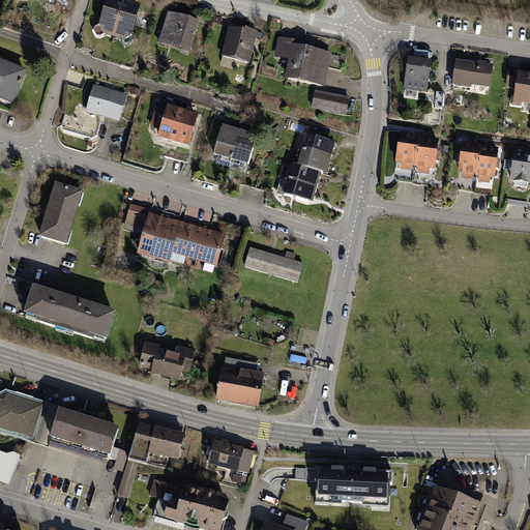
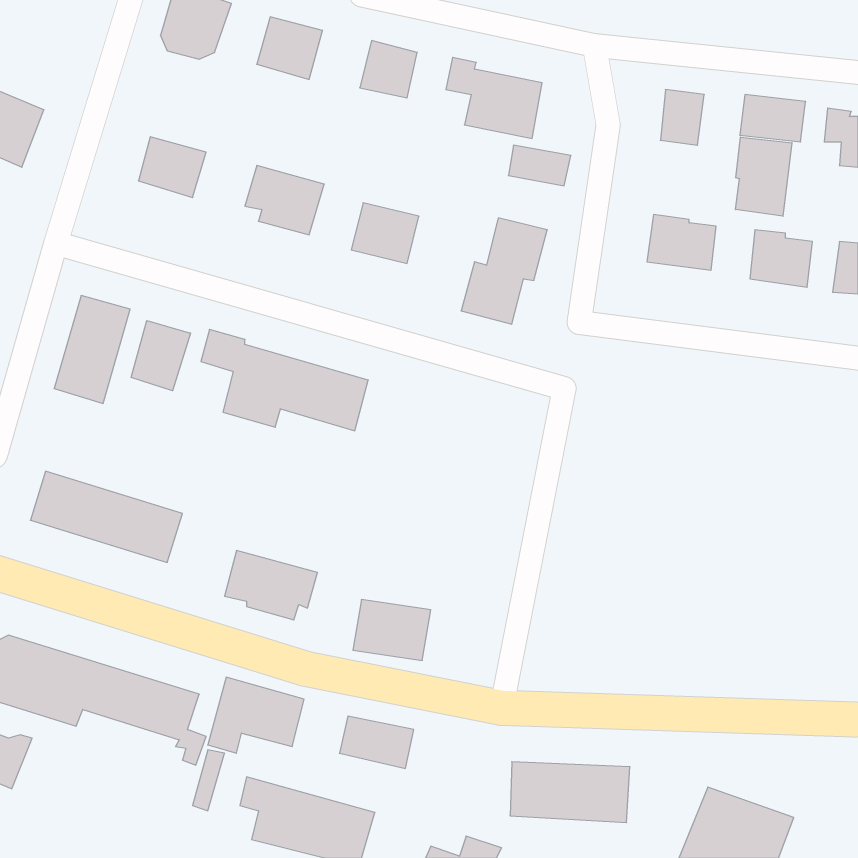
building: none -> [736,137,792,216]
building: none -> [131,321,191,391]
building: [243,246,302,279] -> none

